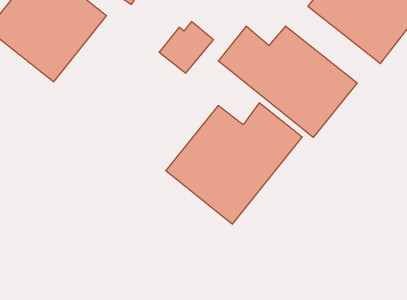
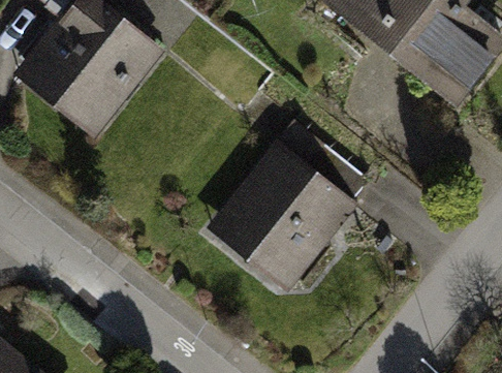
building: [218,26,357,137] -> none

